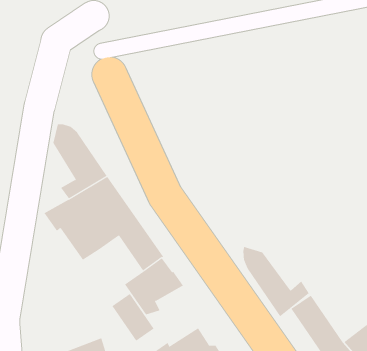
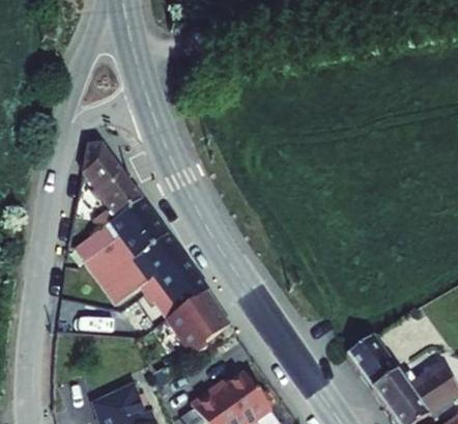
building: [243,246,310,317] -> none
building: [112,293,154,342] -> [137,271,184,324]

